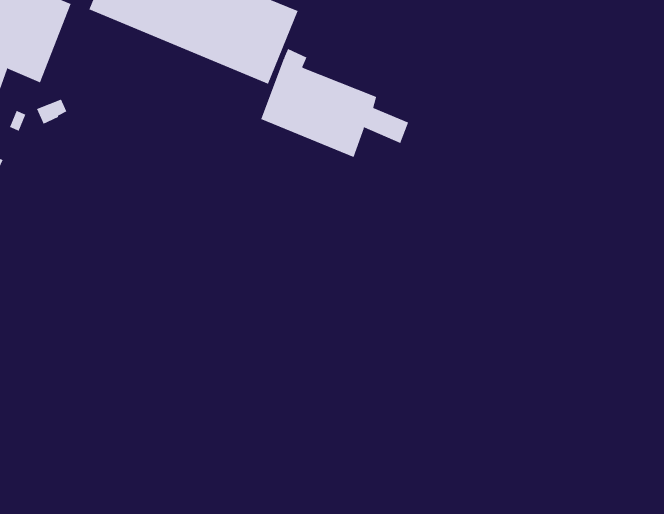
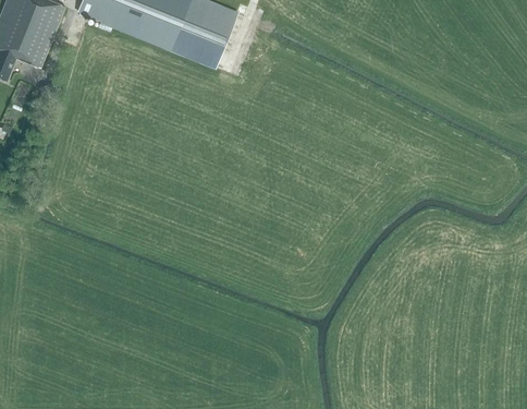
building: [260,48,409,158] -> none

